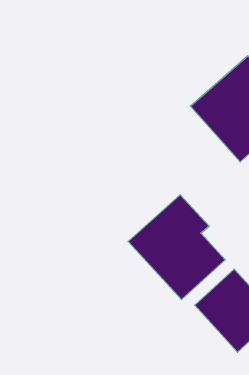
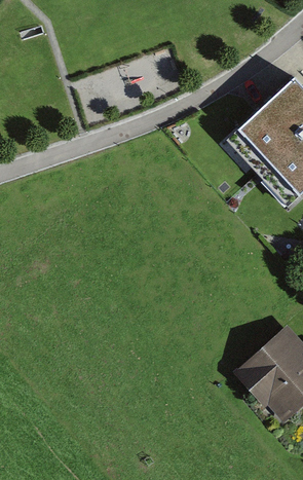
building: [128,195,225,300] -> none

